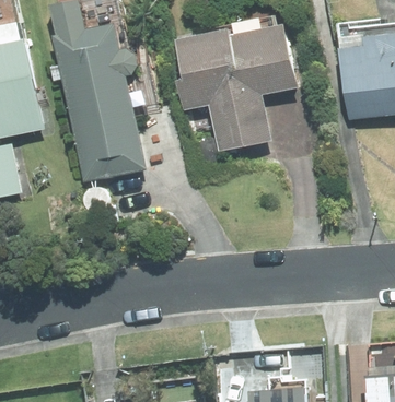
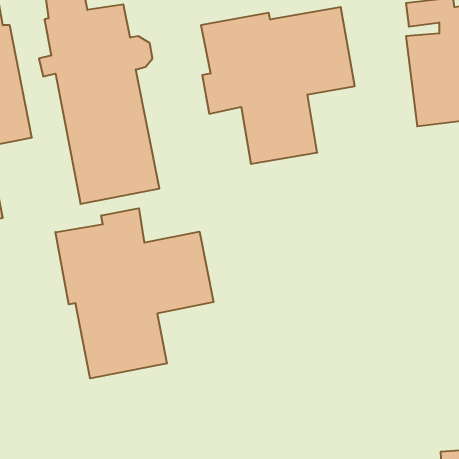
building: none -> [55,208,214,378]

